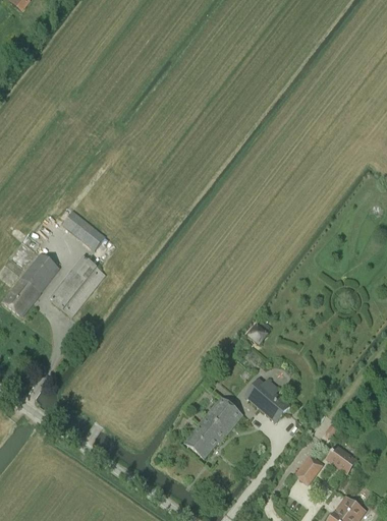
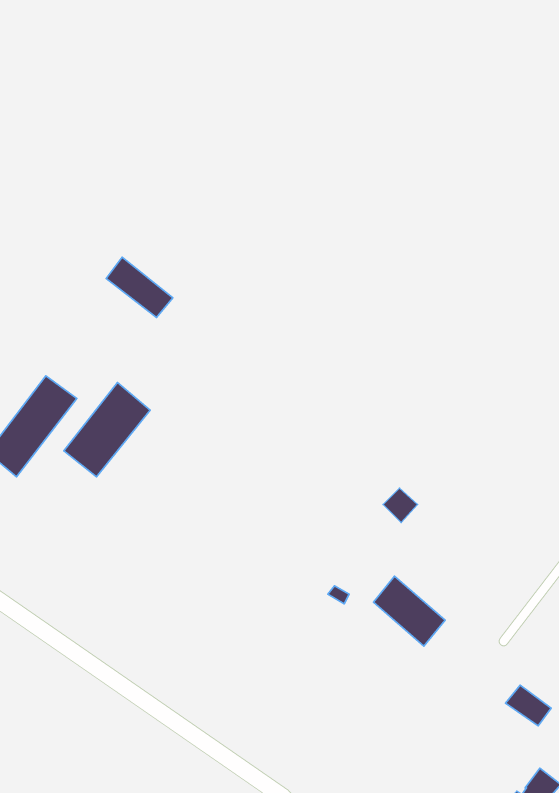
building: [63,211,105,248] -> [106,257,173,317]
building: [184,396,242,458] -> none
building: [295,454,324,484] -> none

